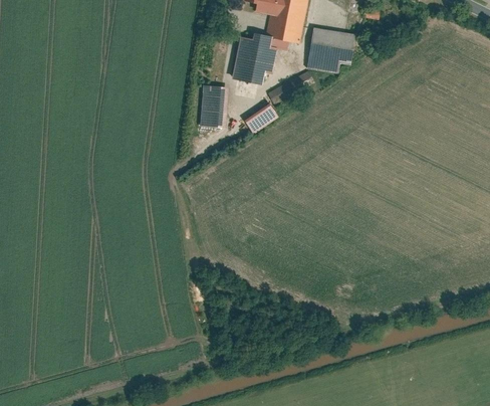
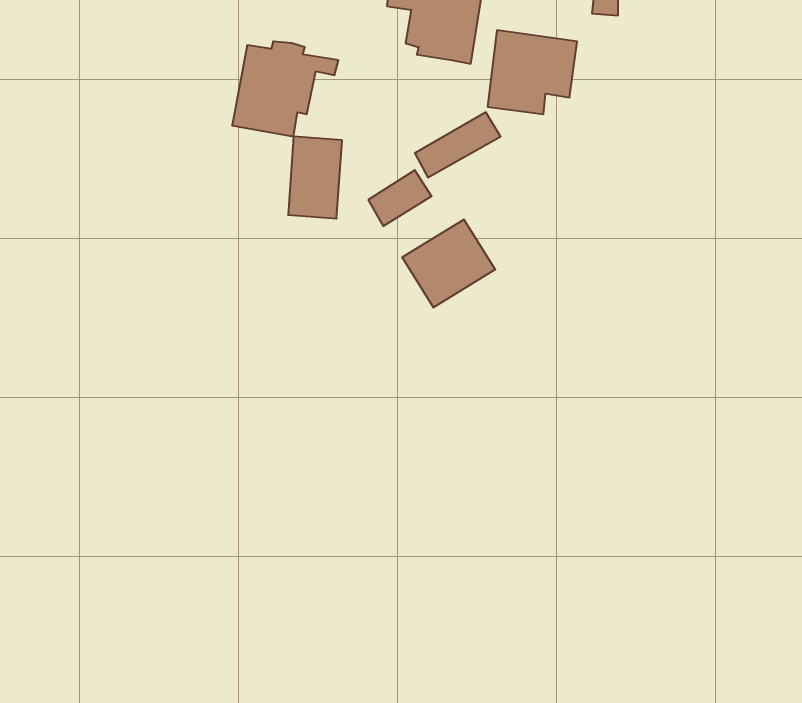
building: [232,32,289,83] -> [232,41,338,137]
building: none -> [402,219,495,308]

